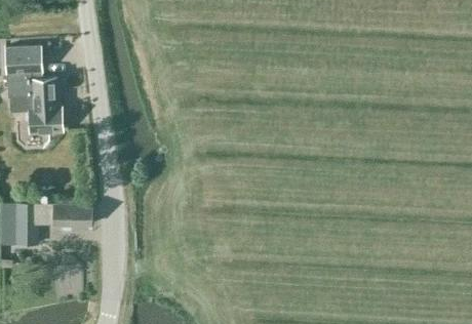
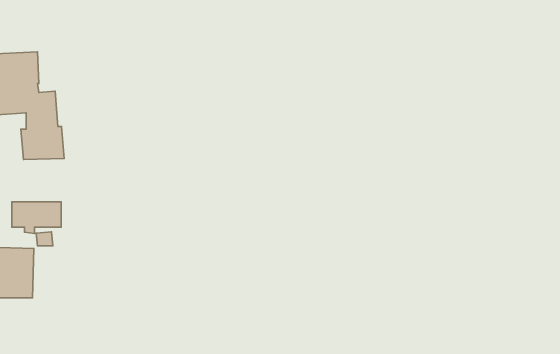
building: [52,207,92,233] -> [12,202,61,233]

